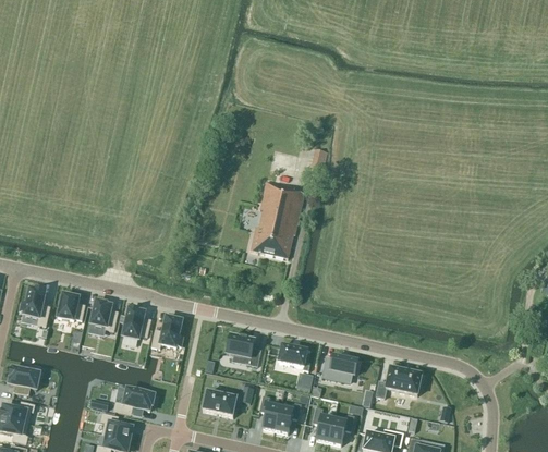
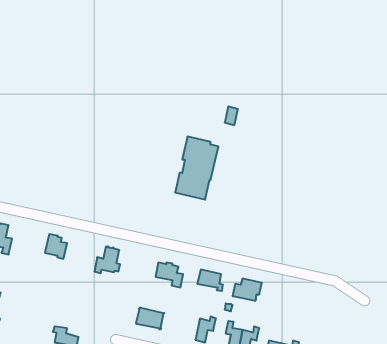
building: [58,293,85,320] -> none
building: [123,308,150,339] -> none
building: [376,367,422,398] -> none
building: [113,388,155,414] -> none
building: [259,395,281,430] -> none

